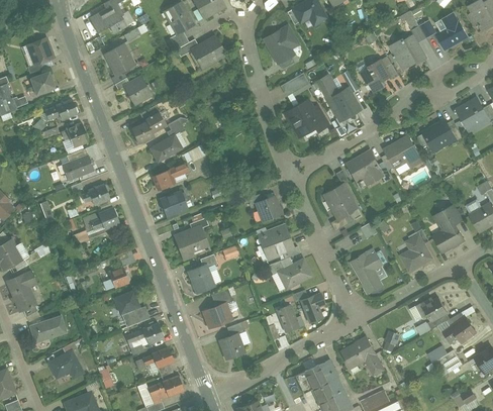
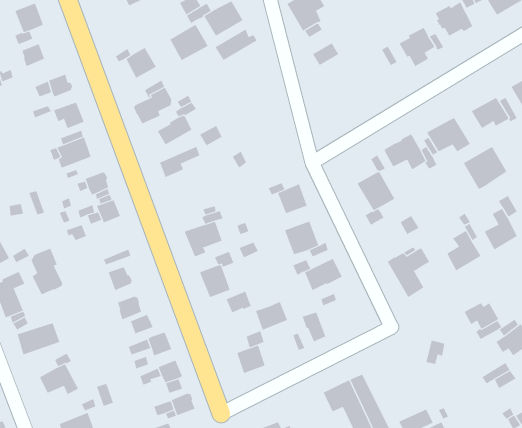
building: [104,44,137,76] -> none
building: none -> [169,24,209,61]
building: none -> [215,29,257,61]
building: [317,76,359,120] -> none
building: [287,102,327,134] -> none
building: none -> [463,146,507,190]
building: [160,192,187,216] -> none
building: none -> [31,248,63,295]
building: [300,294,323,323] -> none
building: [203,303,231,328] -> [255,301,288,331]
building: [339,336,383,370] -> none

